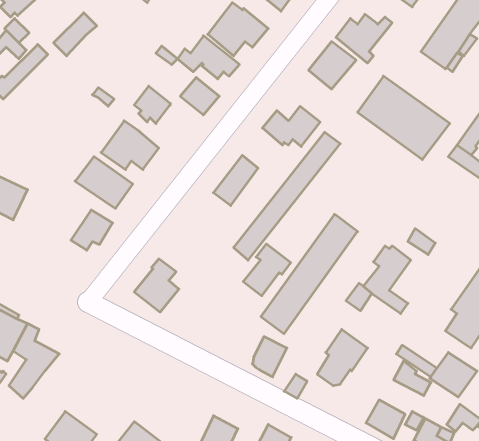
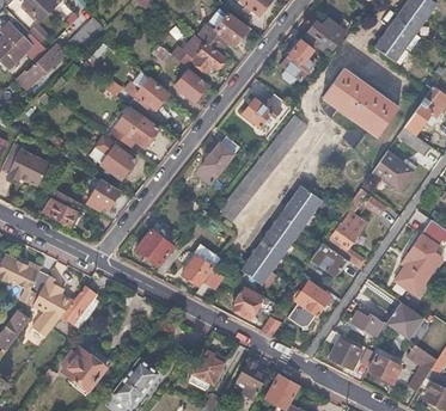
building: none -> [373,151,414,190]
building: none -> [42,190,81,226]
building: [243,244,291,296] -> [182,243,221,286]
building: none -> [62,286,98,327]

